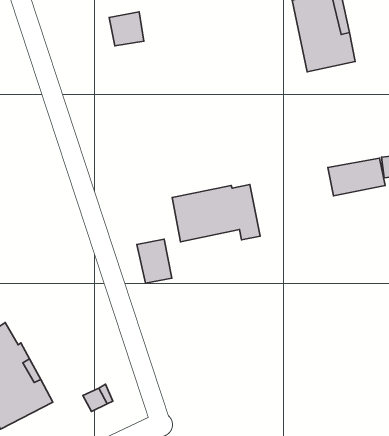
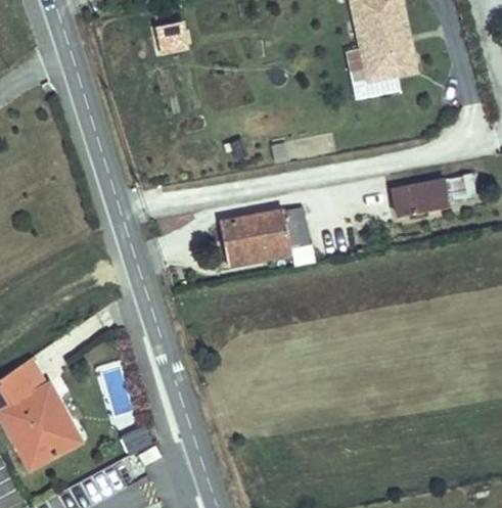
building: [137,239,172,283] -> none

